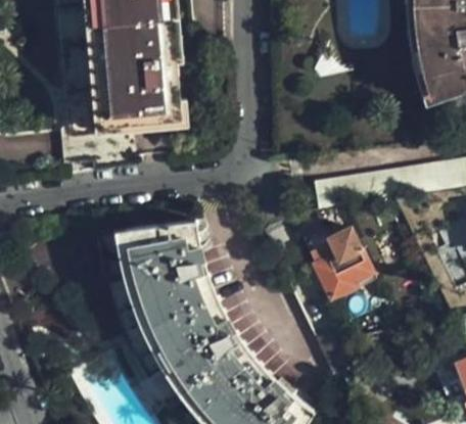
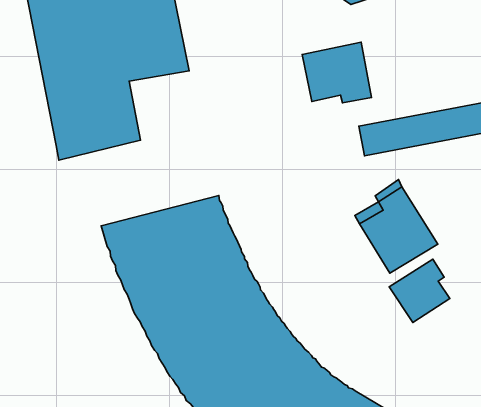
building: none -> [302,42,372,103]
building: none -> [389,259,450,322]

